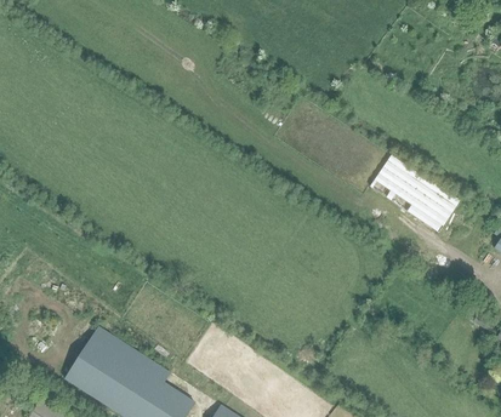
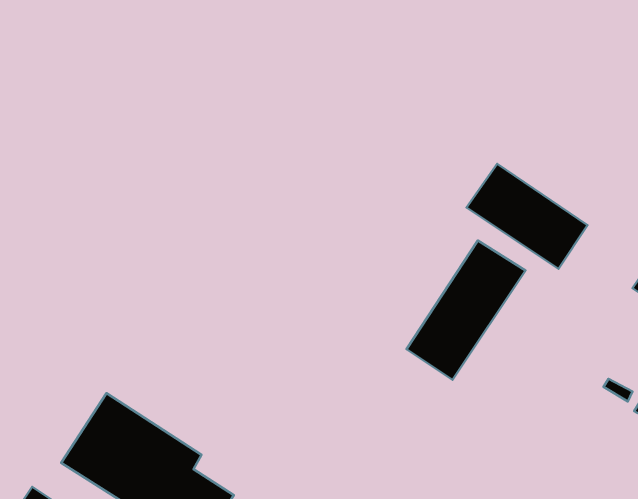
building: none -> [407,240,525,380]

